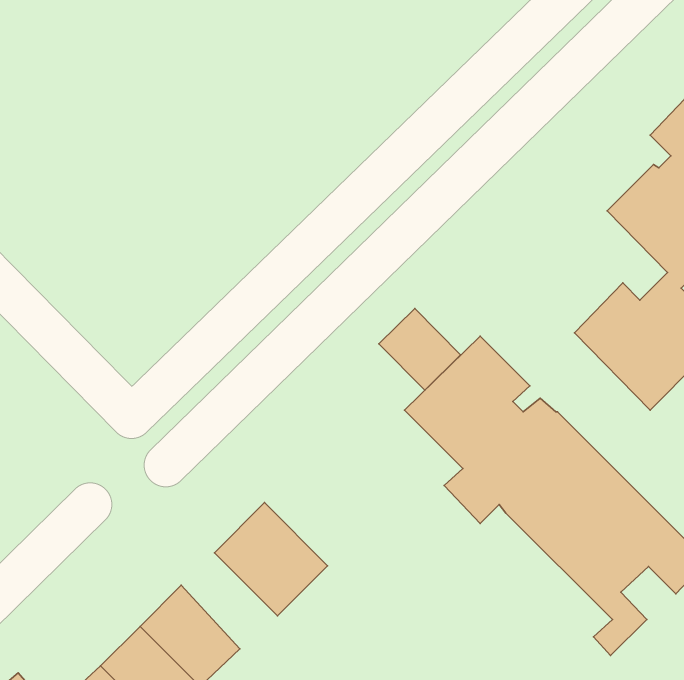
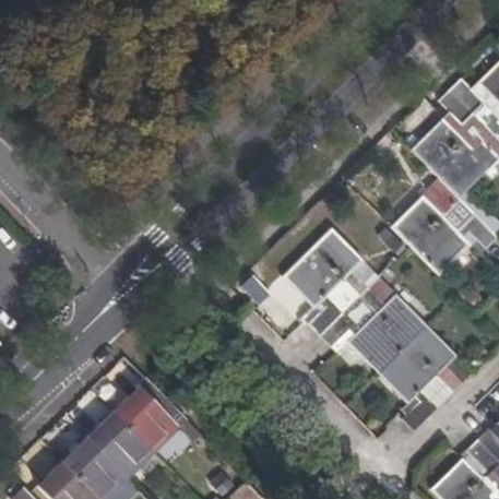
building: [379,309,461,390] -> none
building: [214,503,328,616] -> none

